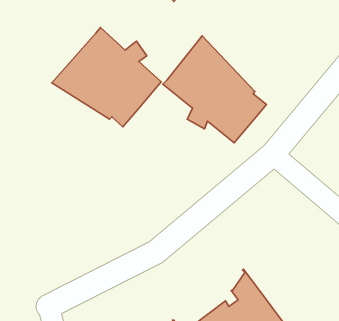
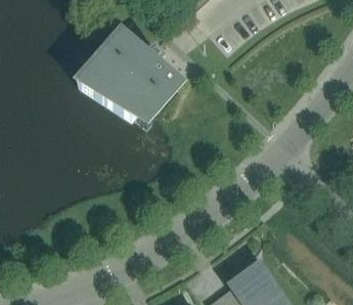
building: [163,36,267,143] -> none

